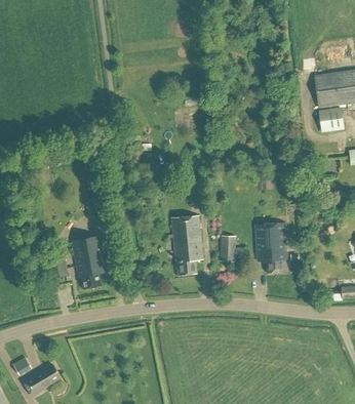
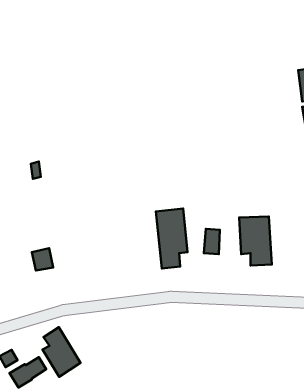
building: [71,234,108,287] -> none
building: none -> [42,327,80,377]

